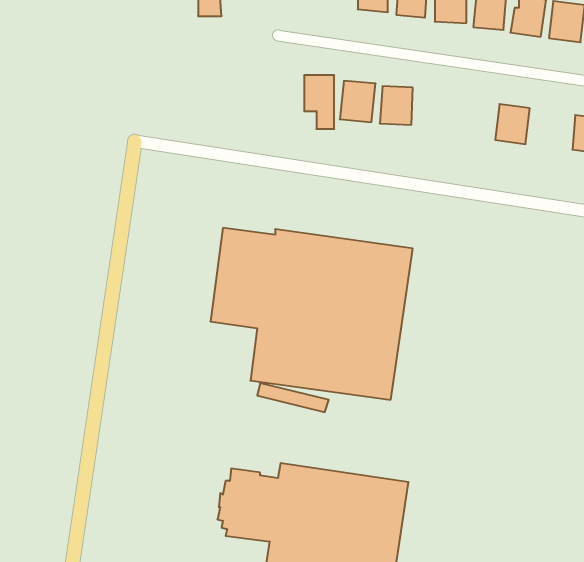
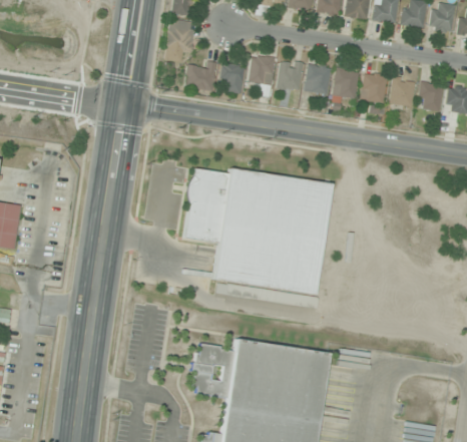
building: none -> [166,18,196,52]
building: none -> [186,61,217,90]
building: none -> [221,63,246,93]
building: none -> [334,68,359,98]
building: none -> [362,72,388,102]
building: none -> [419,81,443,110]

